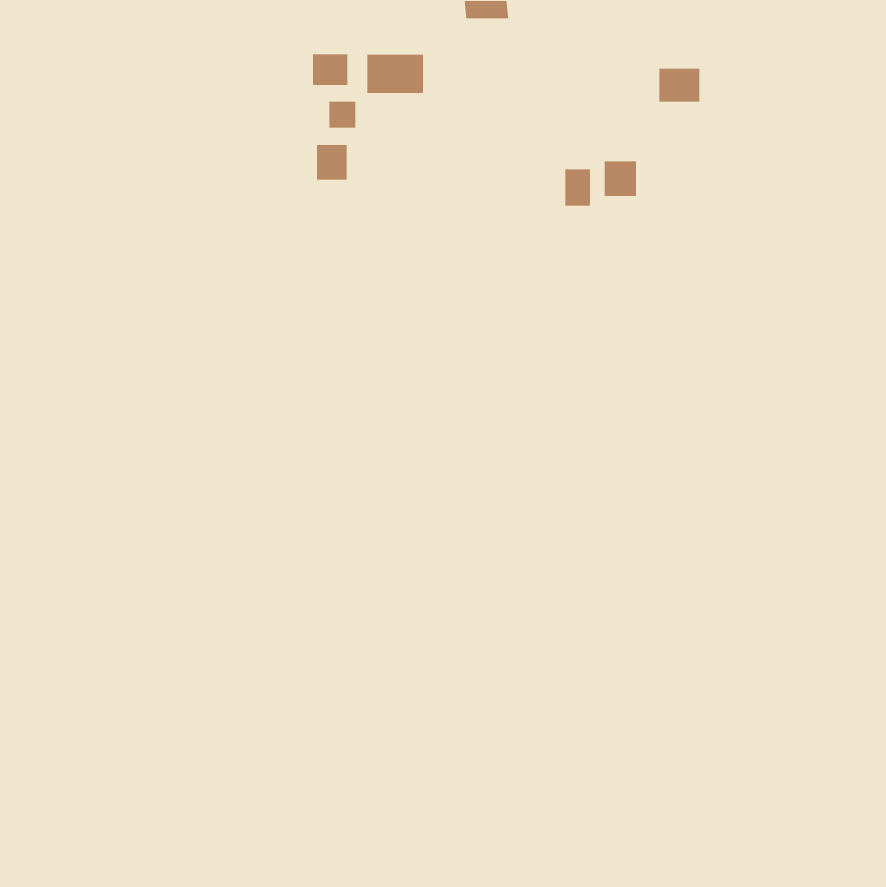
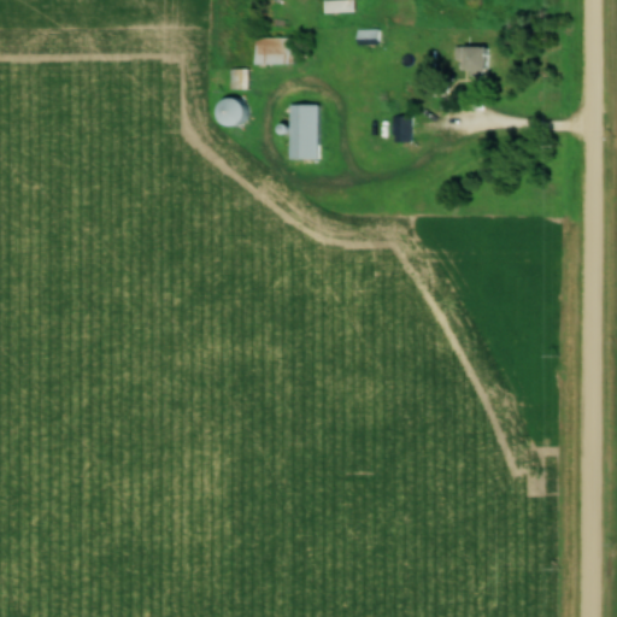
building: [312,53,348,86] -> none
building: none -> [290,105,318,160]
building: [604,161,637,197] -> none

